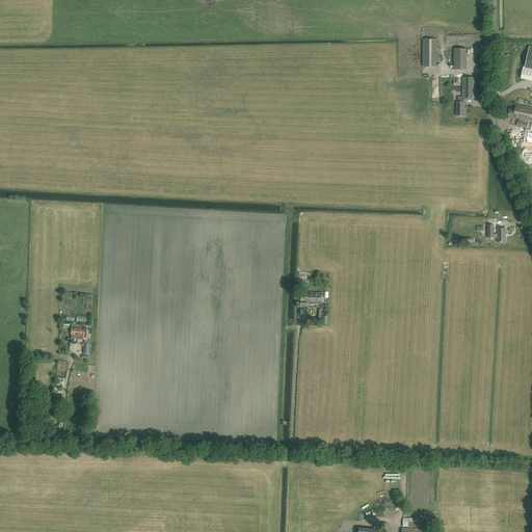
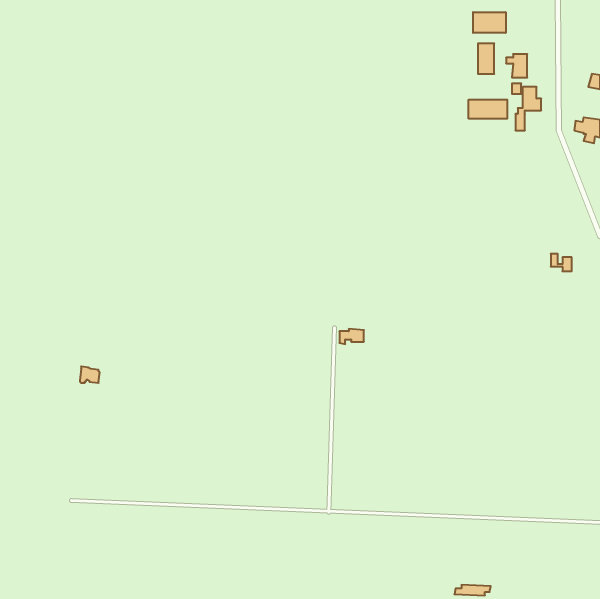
building: none -> [473,12,506,33]
building: none -> [469,100,507,119]

